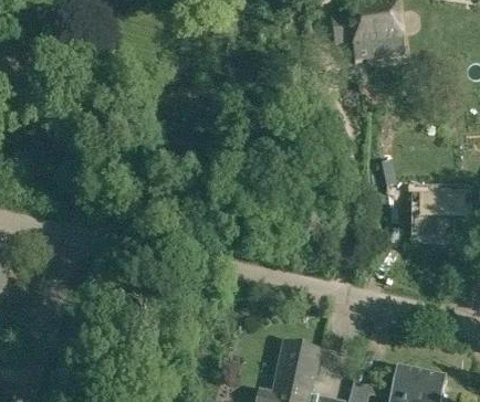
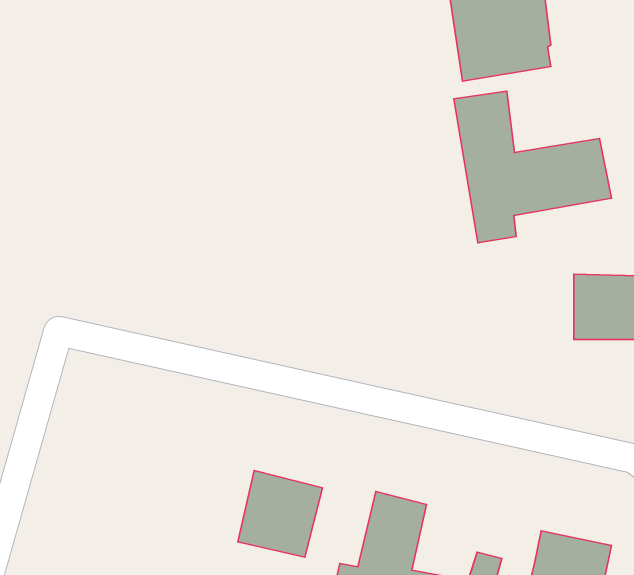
building: none -> [454,91,612,243]
building: none -> [238,471,322,557]

